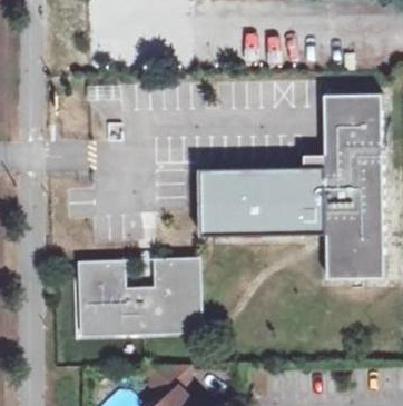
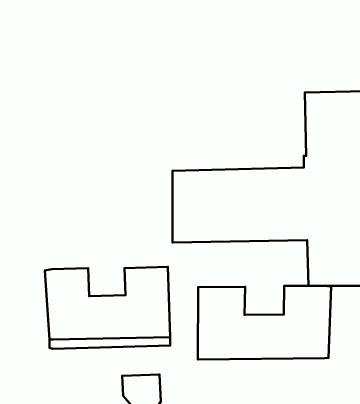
building: none -> [198,286,331,360]

